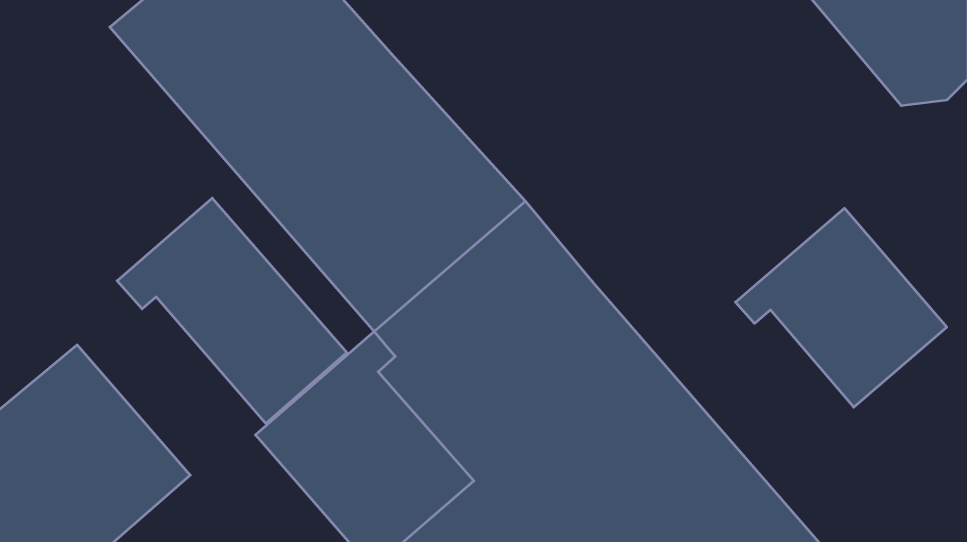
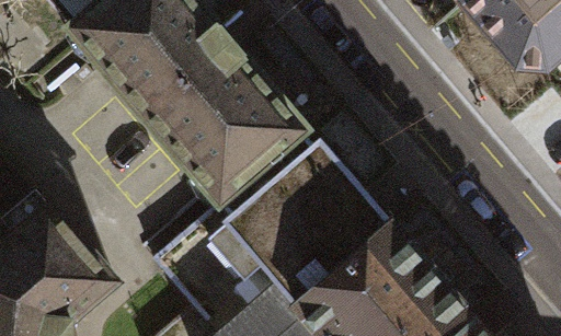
building: [117,198,347,423] -> none
building: [735,208,947,407] -> none

